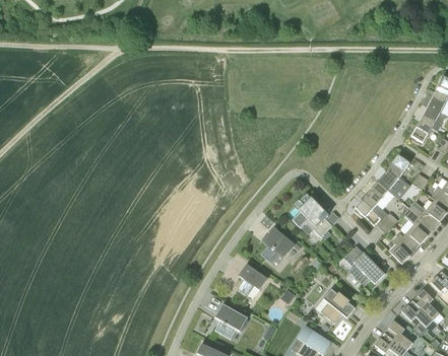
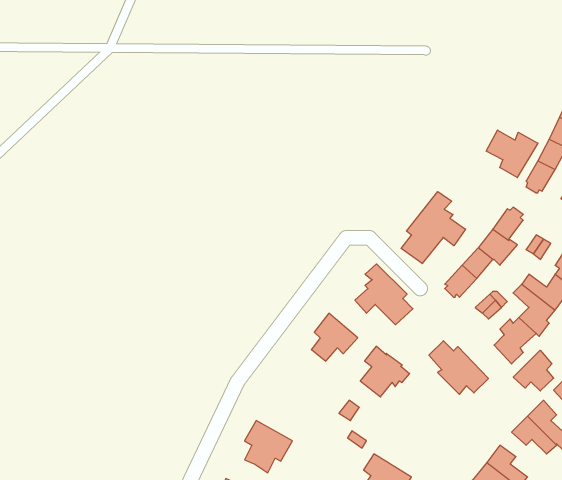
building: none -> [486,130,538,178]
building: none -> [401,192,466,264]
building: none -> [513,350,554,391]
building: [238,265,266,295] -> none
building: [320,288,355,324] -> [360,346,410,397]

